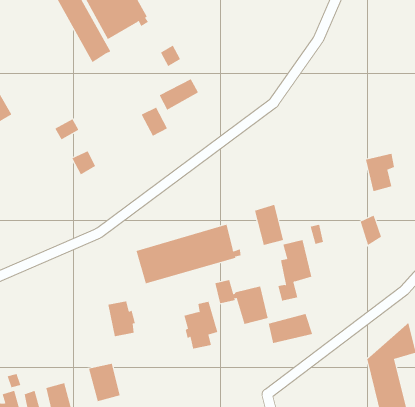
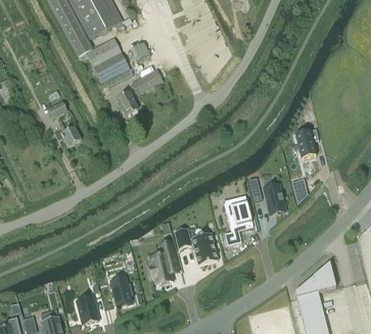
building: none -> [86,36,133,84]
building: [254,204,284,245] -> [263,181,286,213]
building: [136,224,241,284] -> none
building: [108,301,136,337] -> [110,275,133,303]
building: [268,313,313,344] -> none

